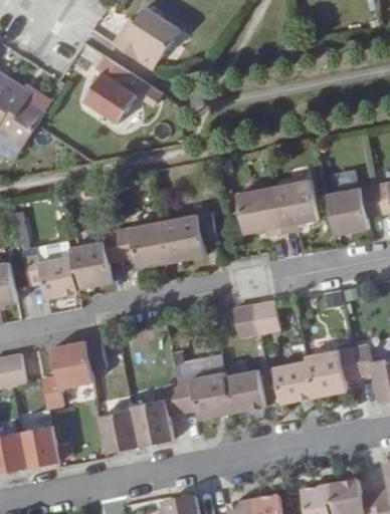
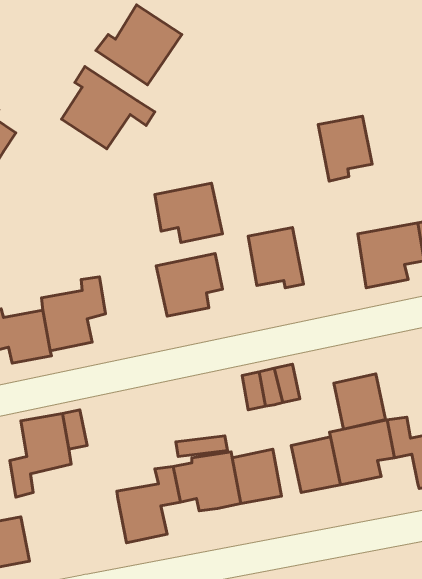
building: [273,182,318,235] -> [318,116,372,181]
building: [116,220,171,268] -> [155,183,223,242]
building: none -> [334,374,385,429]
building: [98,410,138,453] -> none

